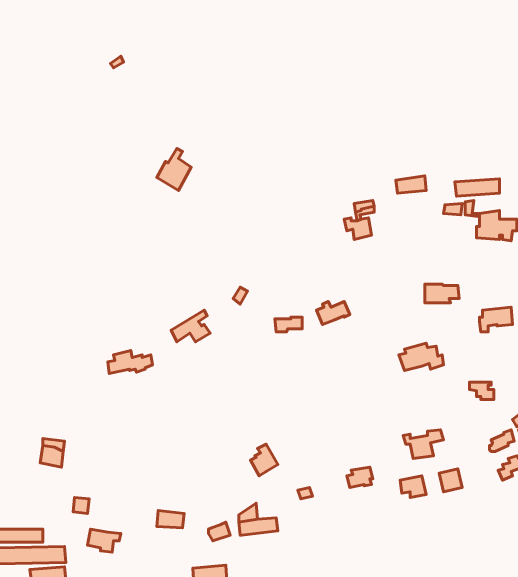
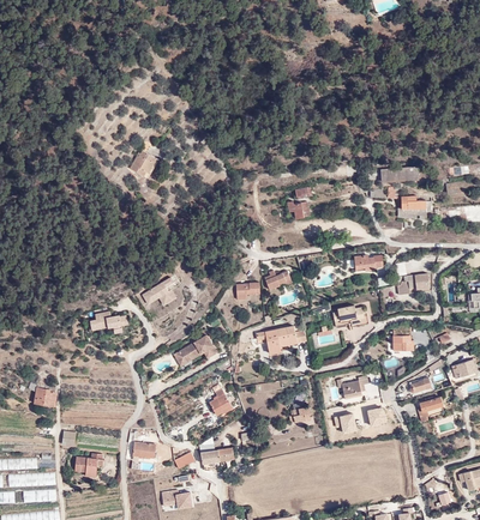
building: none -> [256,325,306,353]
building: none -> [178,335,220,367]

